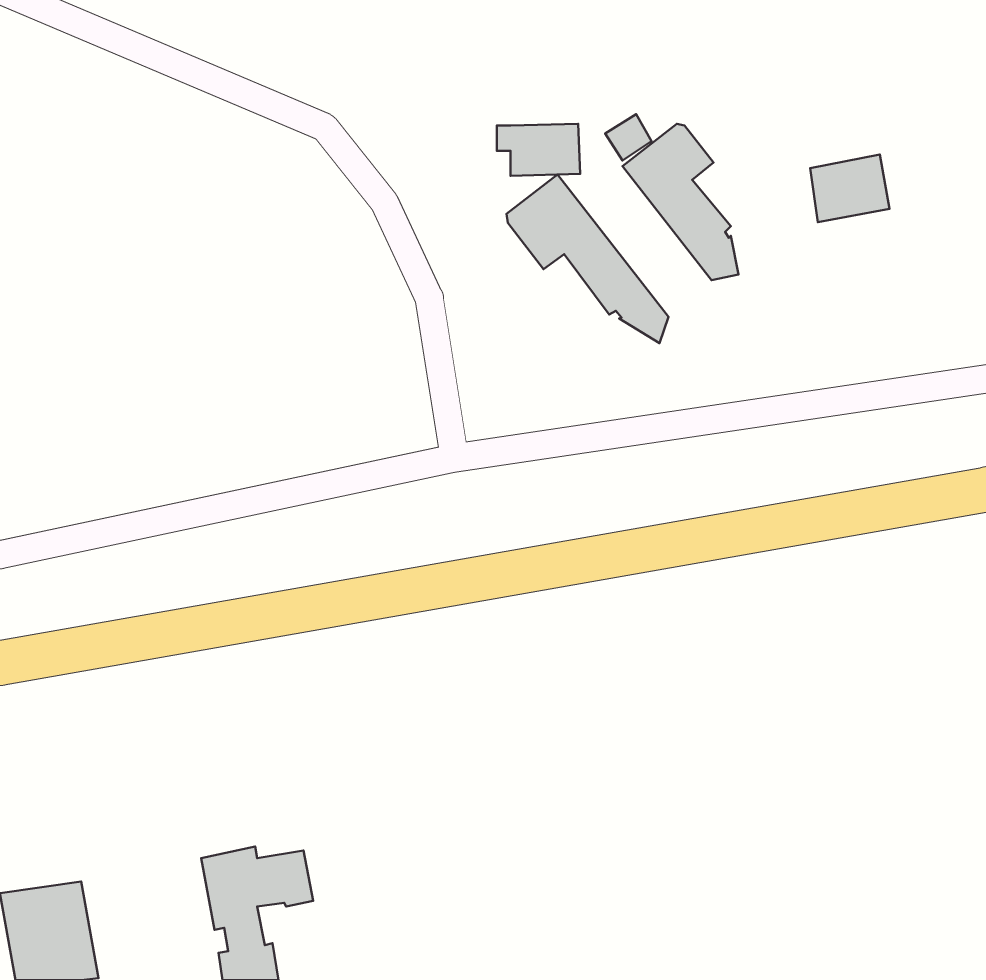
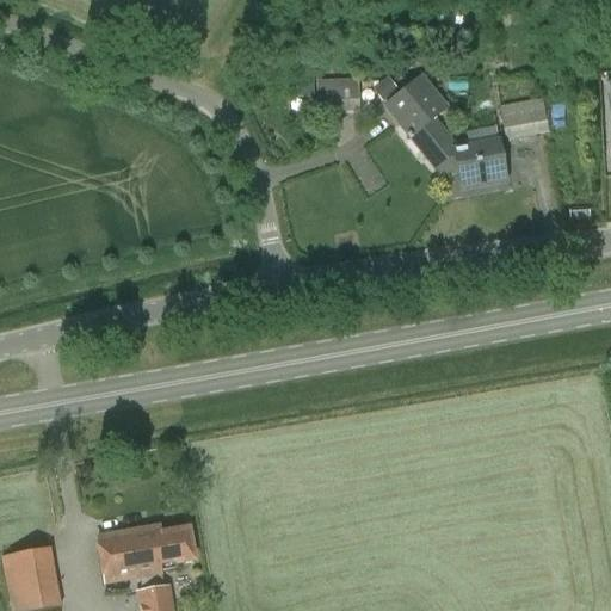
building: [506,175,669,343] -> none
building: none -> [452,137,504,178]
building: none -> [98,530,134,579]

